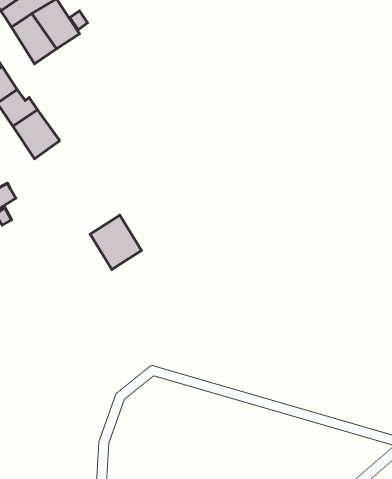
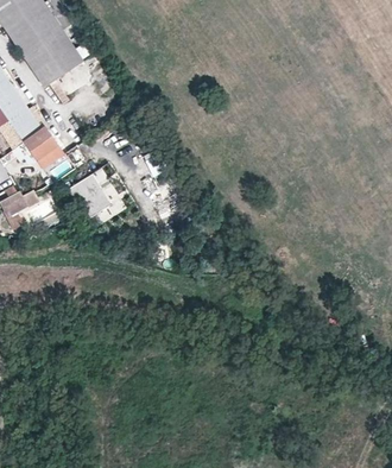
building: [90,215,142,269] -> [65,172,110,220]

